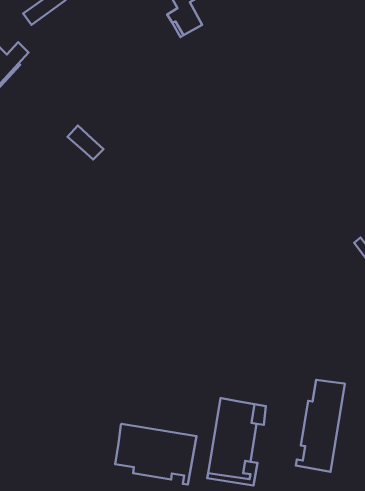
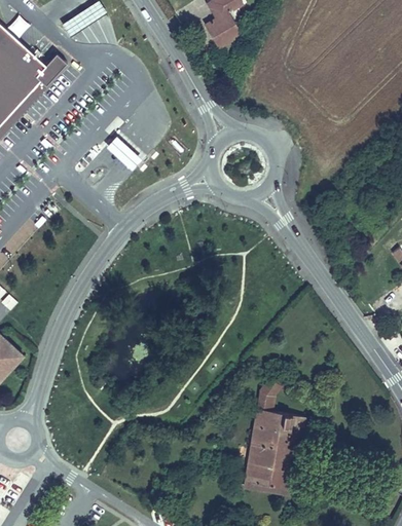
building: none -> [258,378,282,410]
building: [296,380,345,472] -> none
building: [115,424,196,485] -> none

